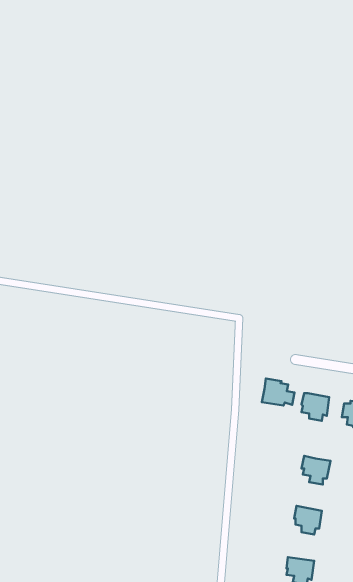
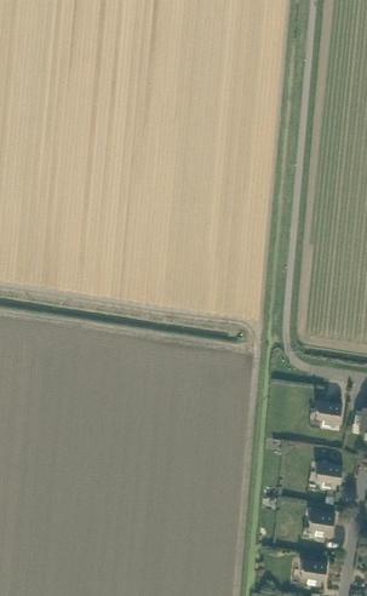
building: [262,378,294,405] -> none

